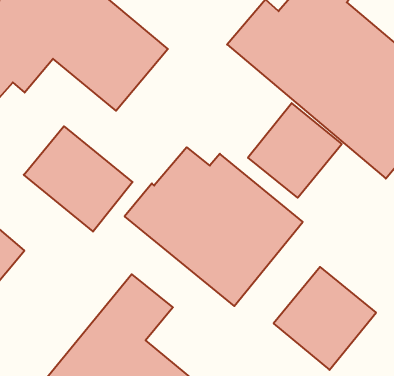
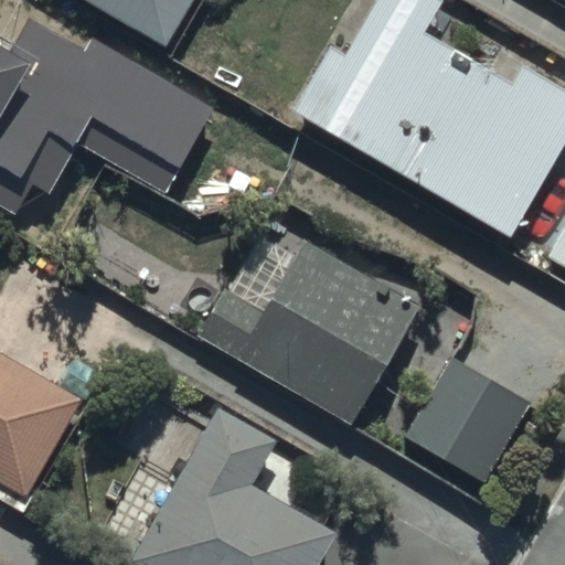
building: [248,103,342,198] -> none
building: [24,126,133,232] -> none

